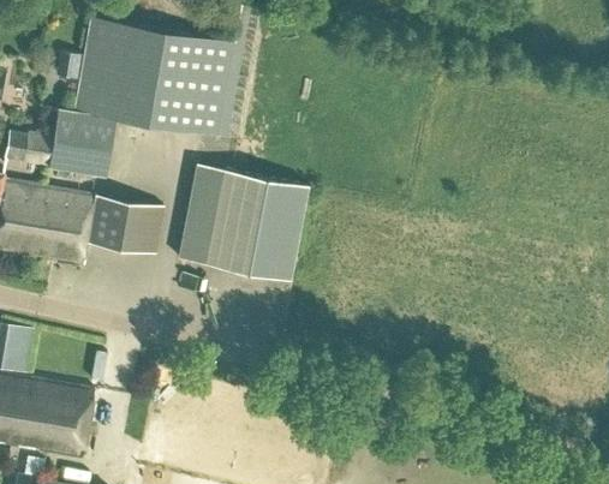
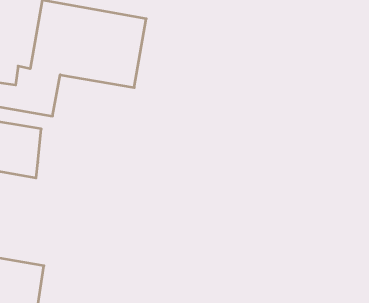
building: [179,163,310,281] -> none
building: [85,196,163,255] -> none

